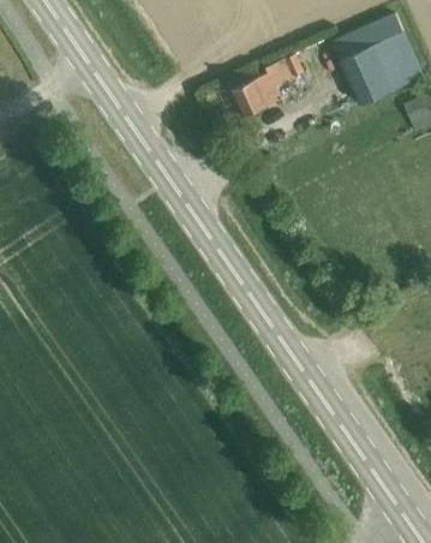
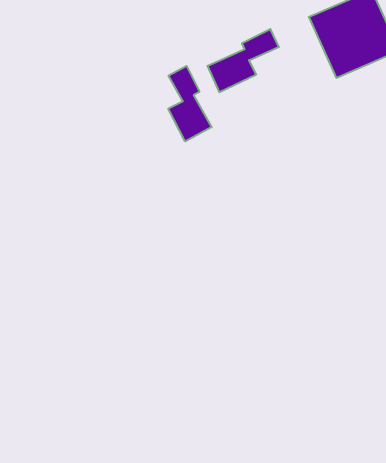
building: none -> [168,66,212,141]

